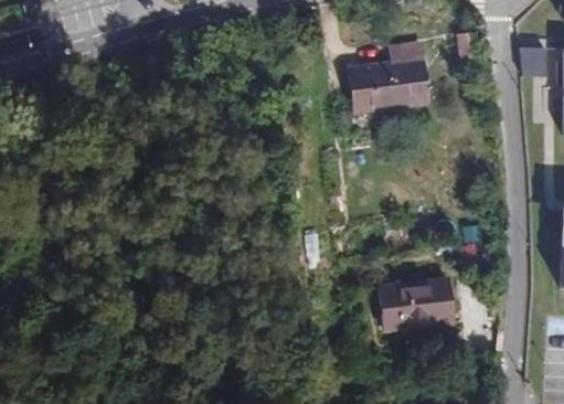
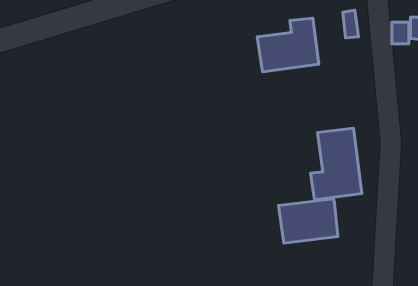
building: none -> [310,128,362,200]

